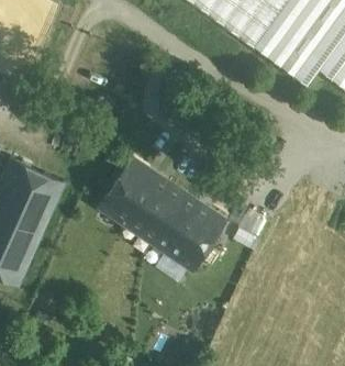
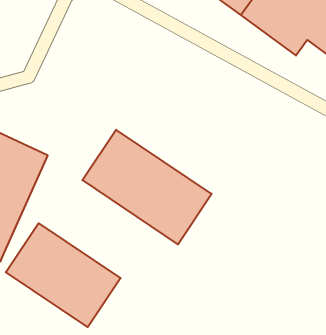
building: none -> [6,223,121,327]

